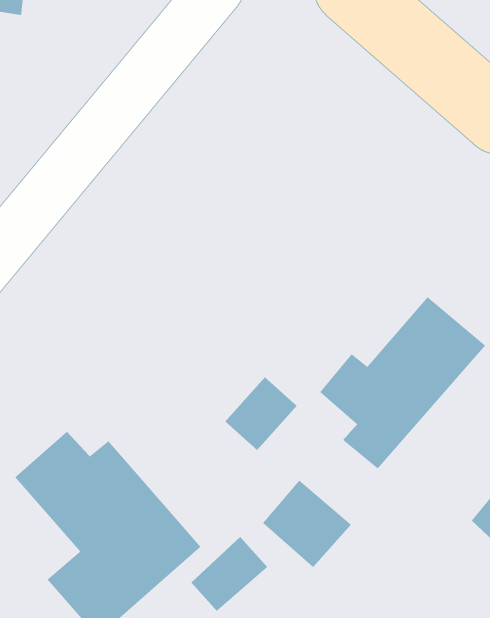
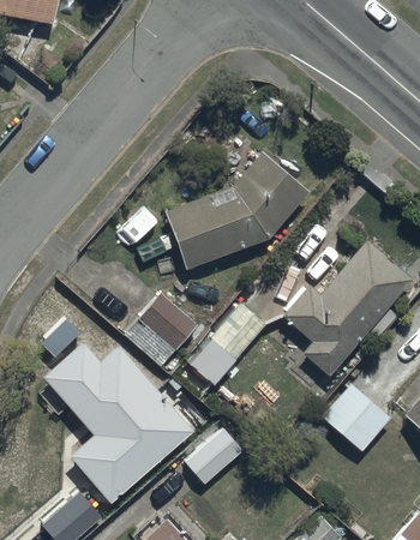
building: none -> [163,151,310,270]
building: none -> [124,290,198,366]
building: [262,480,352,568] -> [322,383,391,451]

